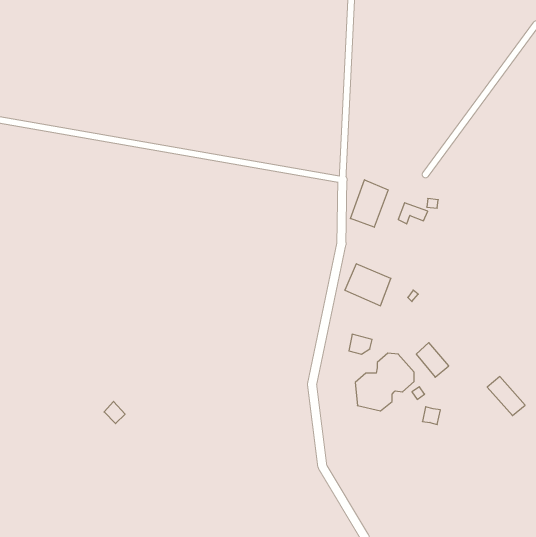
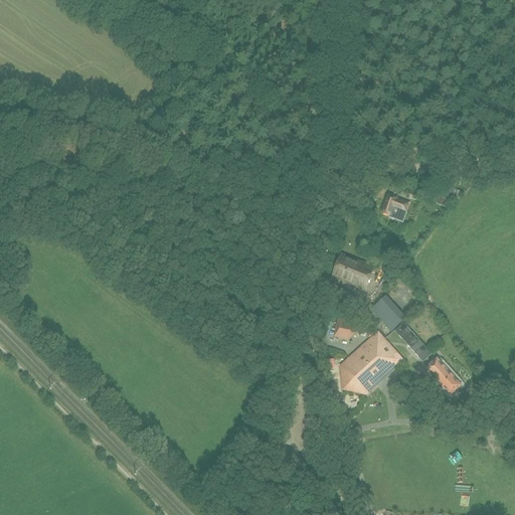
building: [350,180,388,227] -> none
building: none -> [372,293,407,328]
building: [487,377,525,416] -> [424,359,461,396]

